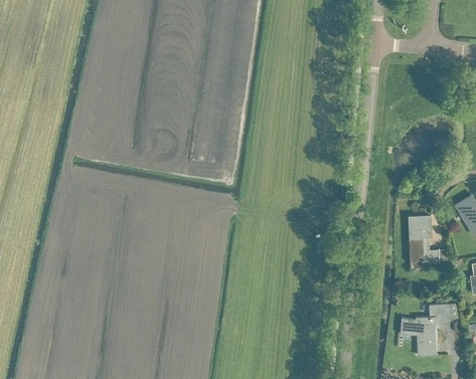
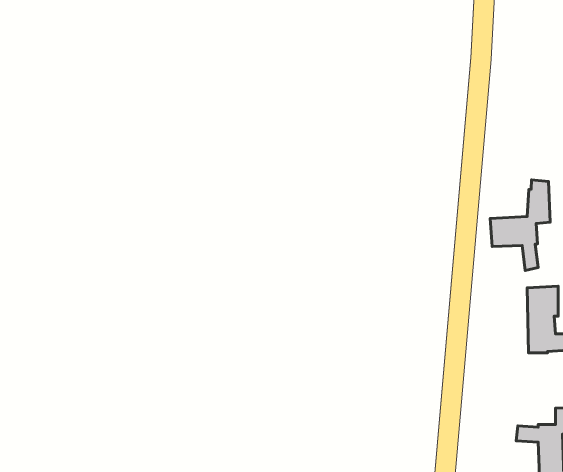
building: none -> [490,180,550,270]

